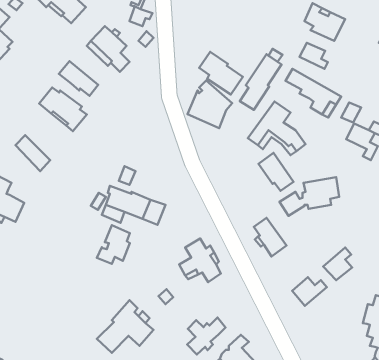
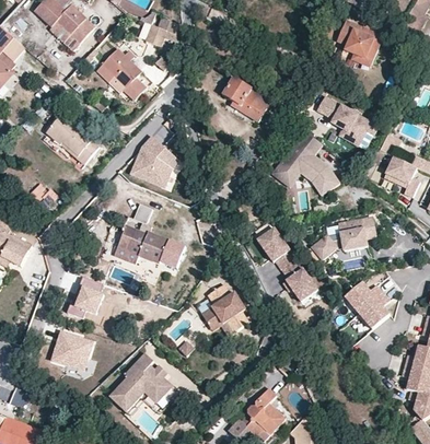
building: [299,43,328,69] -> none
building: [240,54,281,110] -> none
building: [59,61,98,96] -> none
building: [187,80,232,128] -> [129,137,178,189]
building: [259,153,293,191] -> [257,227,295,269]
building: [97,225,130,264] -> [67,276,103,318]
building: [292,277,327,306] -> [344,281,382,313]
building: none -> [49,334,91,372]
building: [187,318,226,355] -> none

